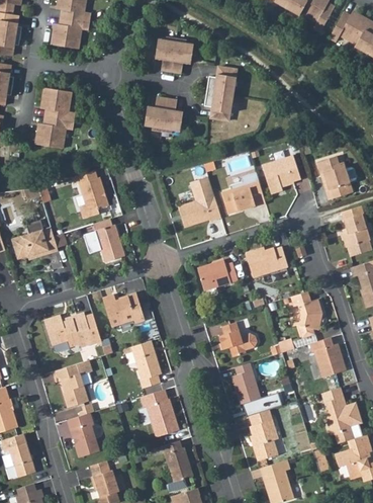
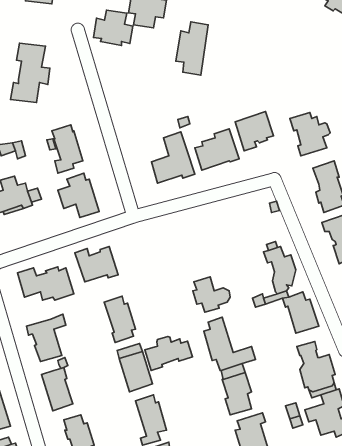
building: [143,96,182,132] -> [93,10,133,45]
building: [246,246,289,276] -> none
building: [198,259,239,289] -> none
building: none -> [145,336,193,370]

